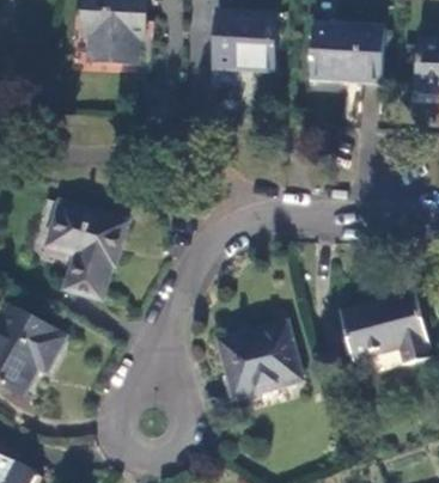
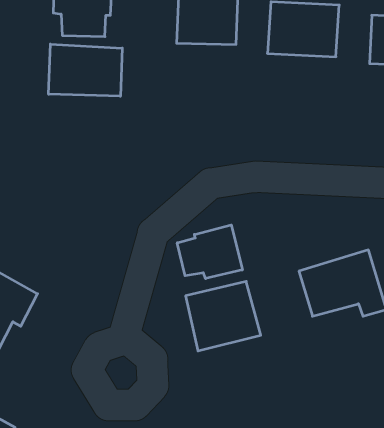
building: none -> [49,44,122,96]
building: [47,200,128,298] -> none
building: none -> [177,225,242,279]

